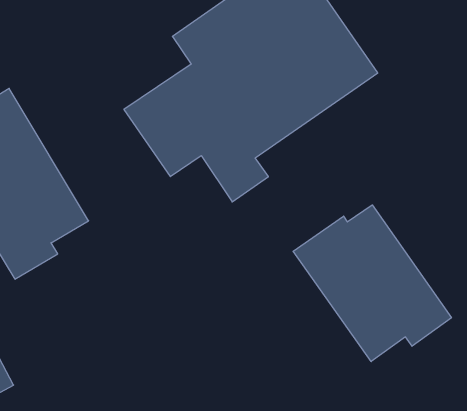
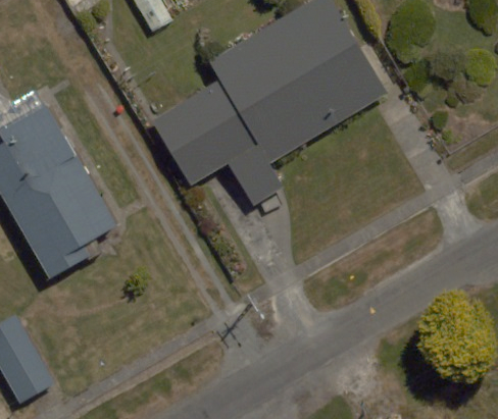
building: [293,205,451,362] -> none

